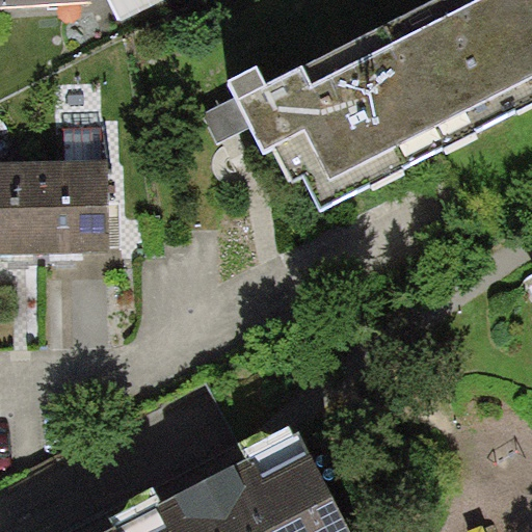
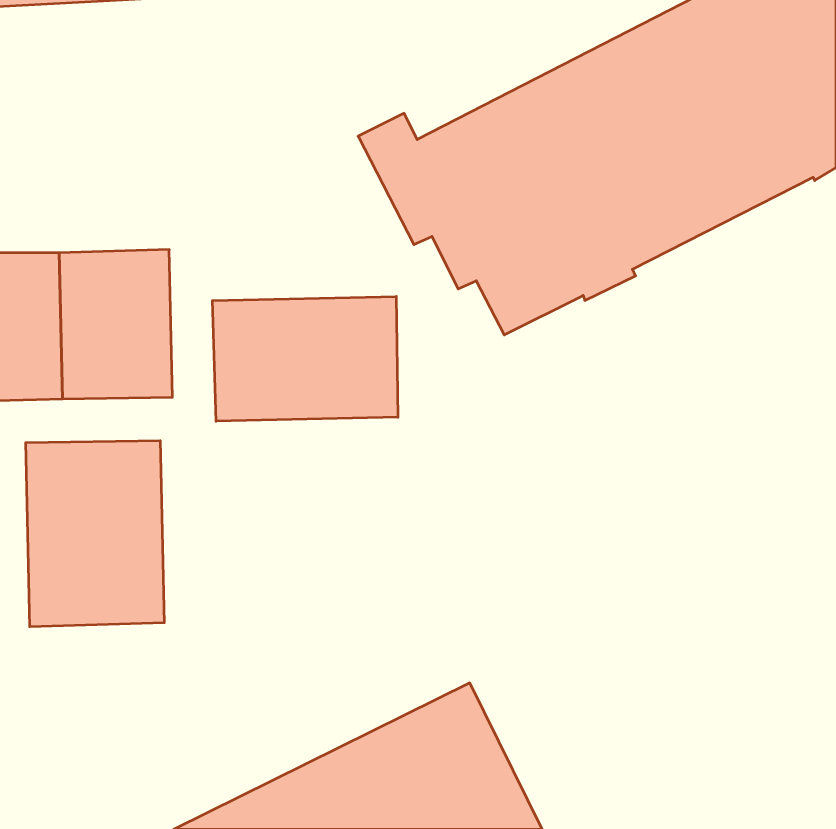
building: none -> [212,296,398,421]
building: none -> [26,441,164,627]

